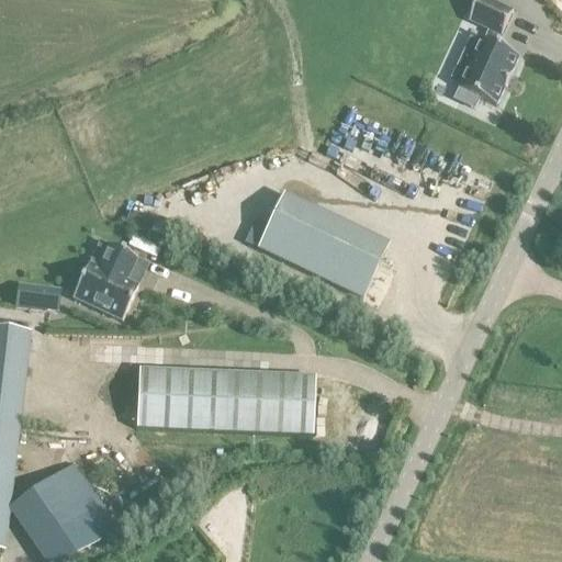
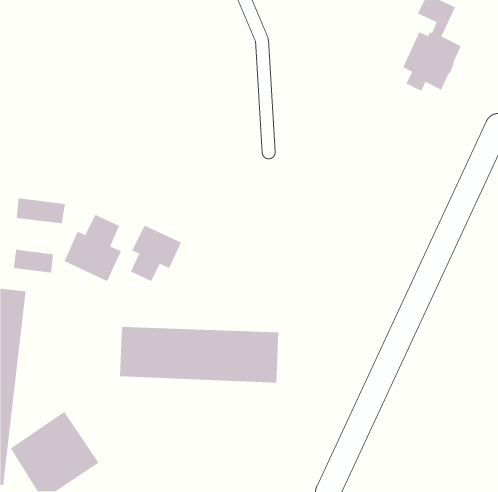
building: [256,196,385,296] -> none
building: none -> [16,198,66,224]
building: none -> [130,224,182,282]

